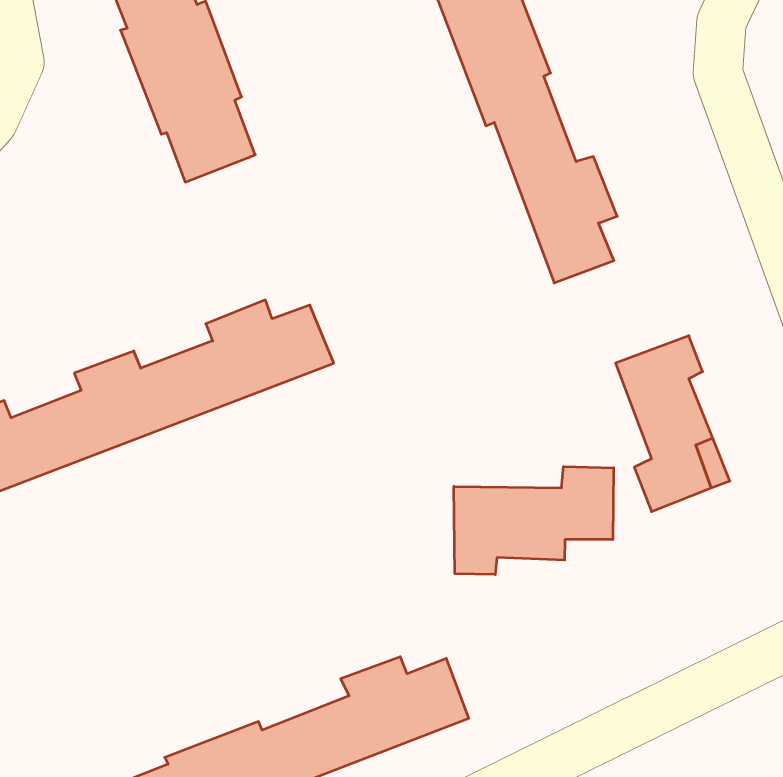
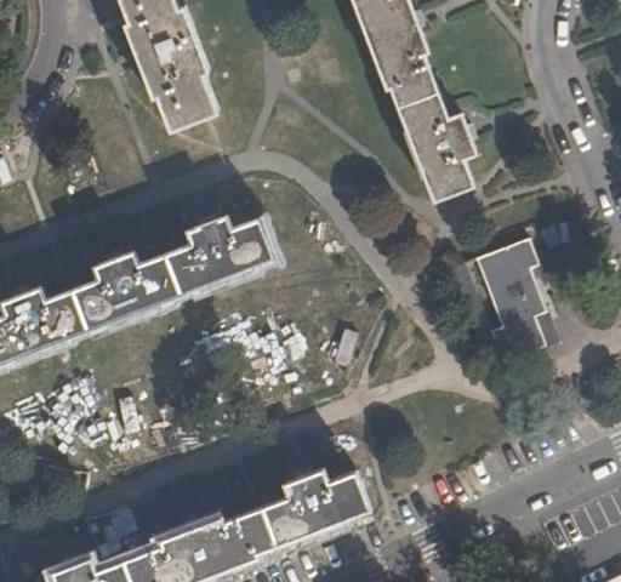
building: [454,467,614,575] -> none

